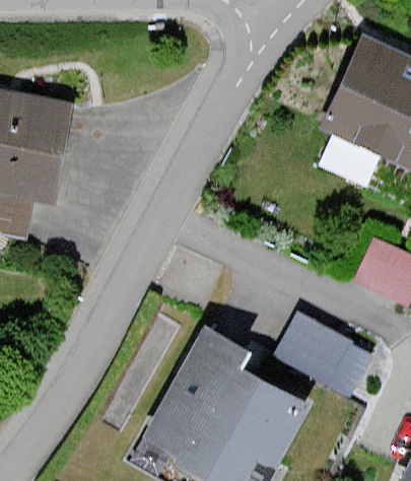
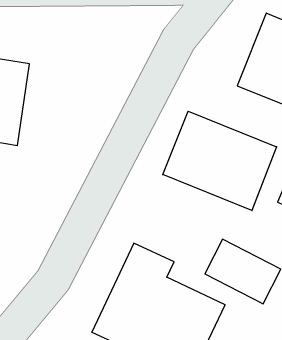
building: none -> [163,111,277,211]

